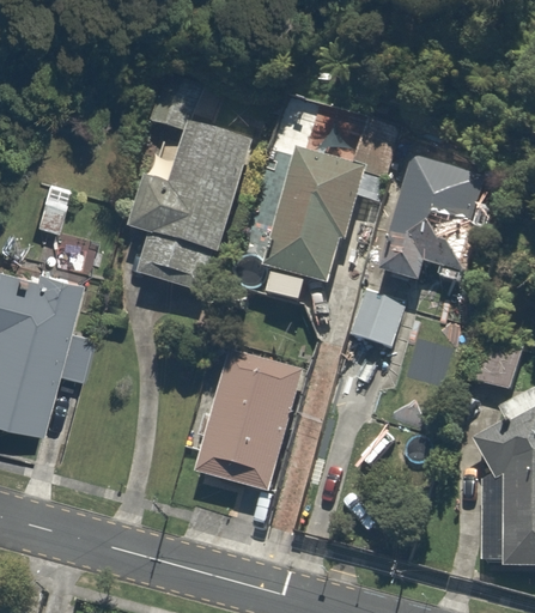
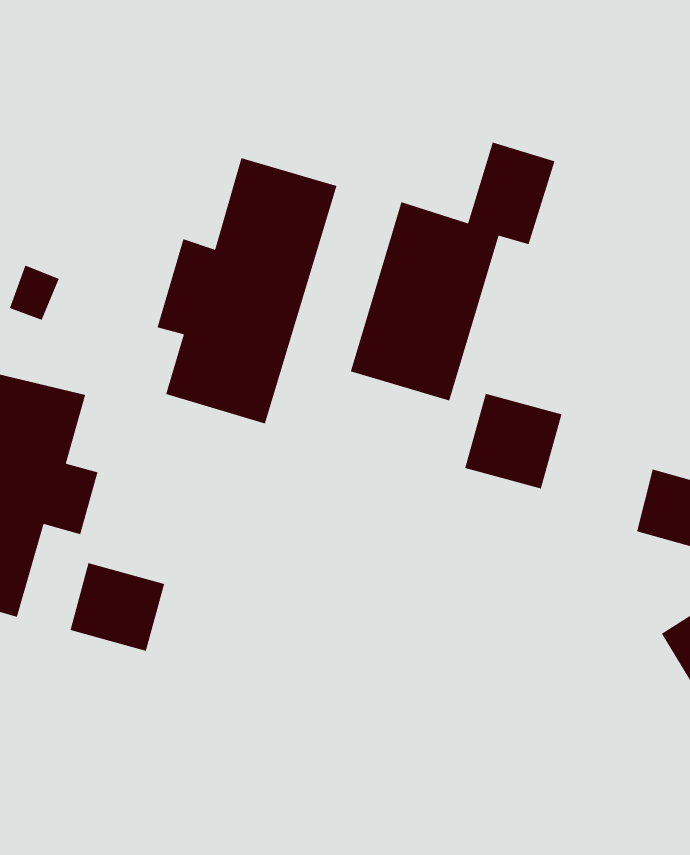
building: [379,153,480,284] -> none
building: [189,346,305,497] -> none
building: none -> [69,562,165,652]

